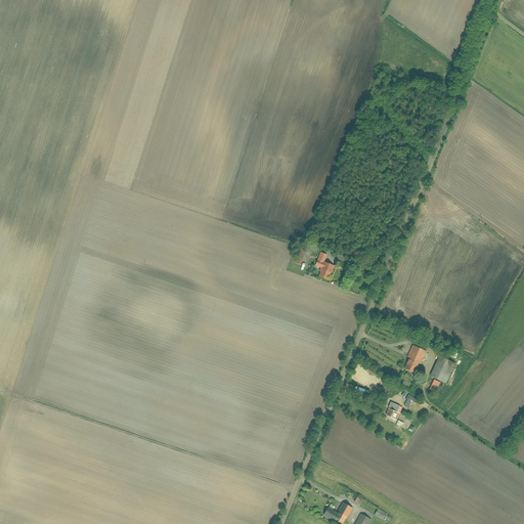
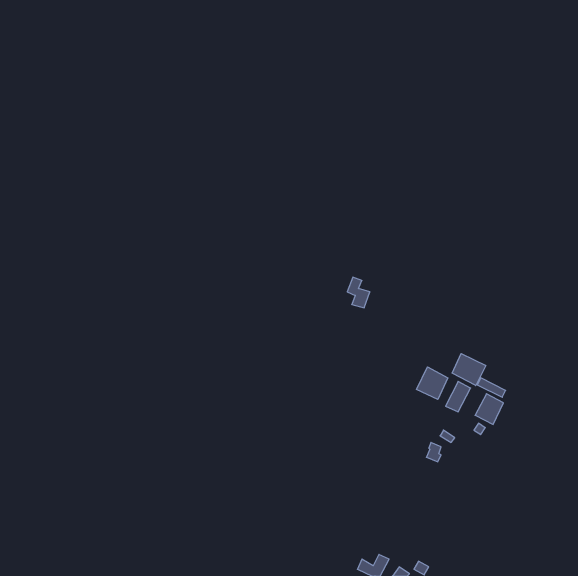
building: none -> [452,354,486,386]
building: none -> [416,367,448,399]

